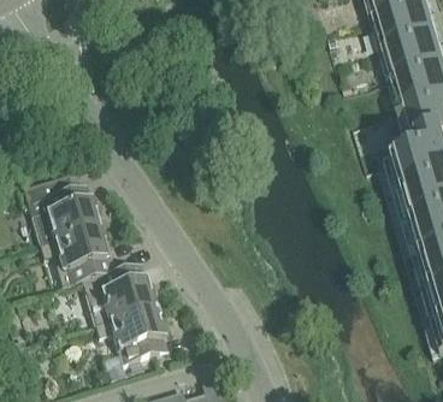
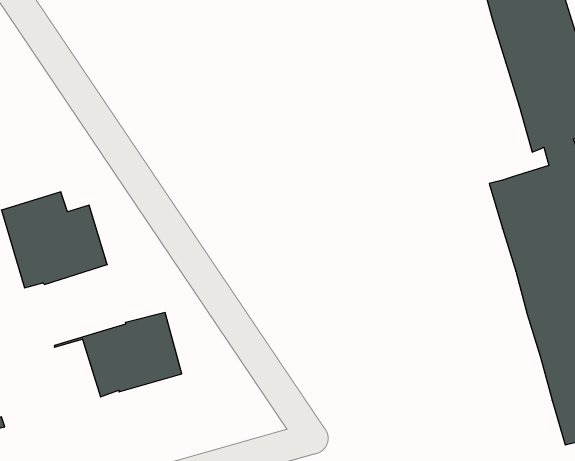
building: [41,227,114,286] -> none
building: [96,307,169,362] -> none

